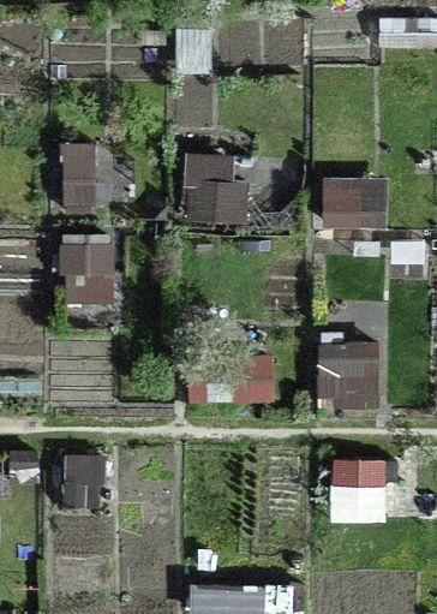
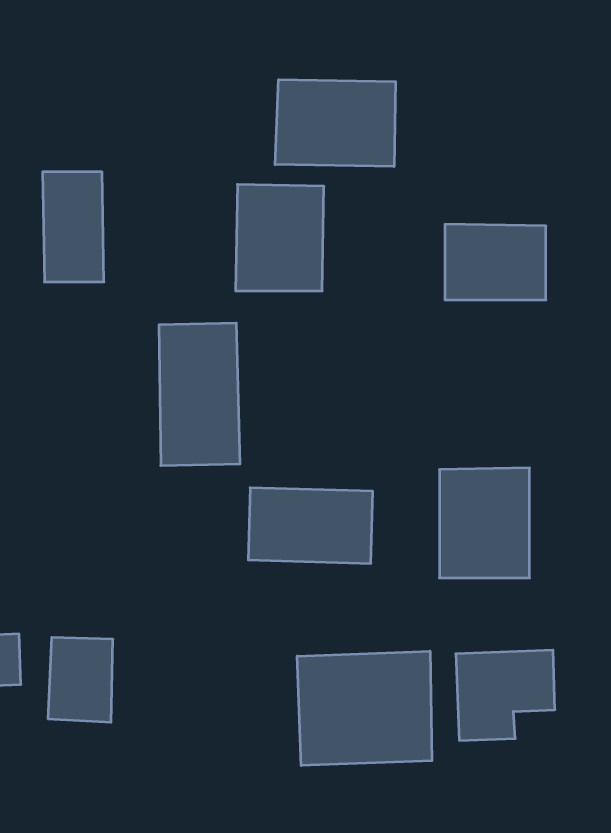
building: none -> [275,80,396,167]
building: [58,233,112,328] -> [159,323,240,466]
building: none -> [297,651,432,766]

